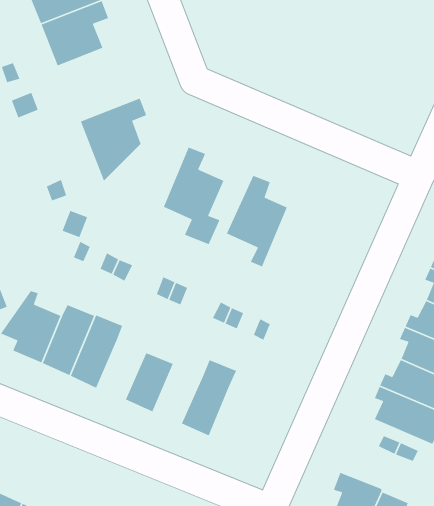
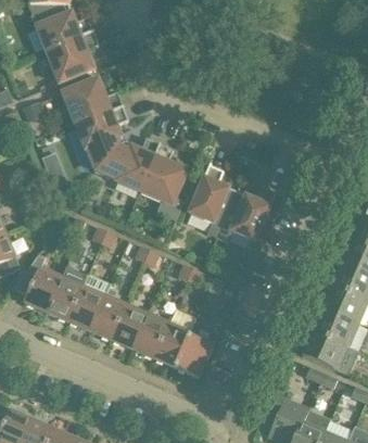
building: none -> [62,78,123,125]
building: none -> [94,138,160,191]
building: none -> [217,188,275,242]
building: none -> [89,293,127,340]
building: none -> [132,312,170,358]
building: none -> [176,319,217,378]

